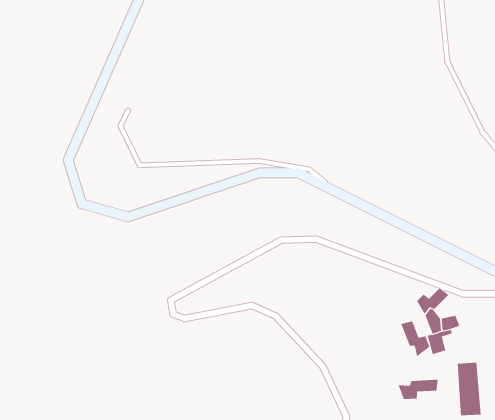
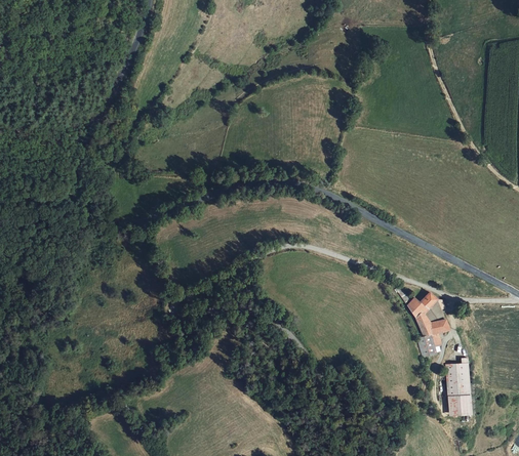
building: [400,321,430,357] -> none
building: [398,379,438,400] -> none

